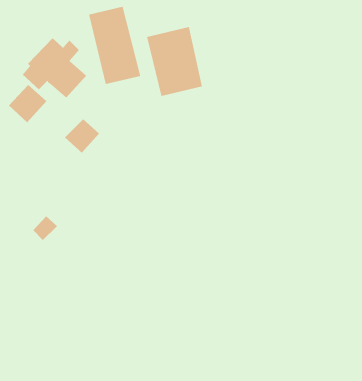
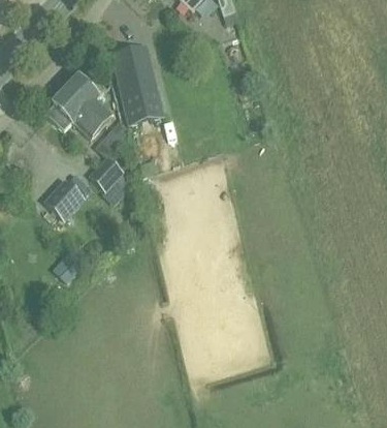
building: [146,26,203,97] -> none
building: [8,84,47,123] -> [44,180,83,218]

